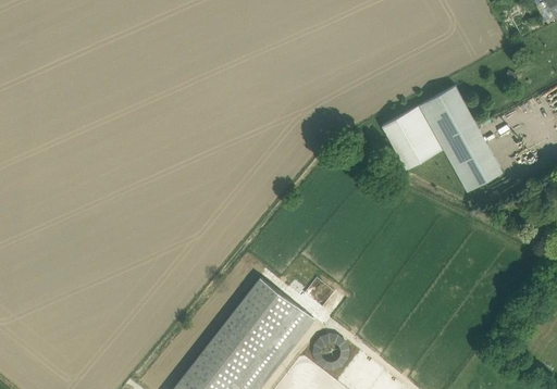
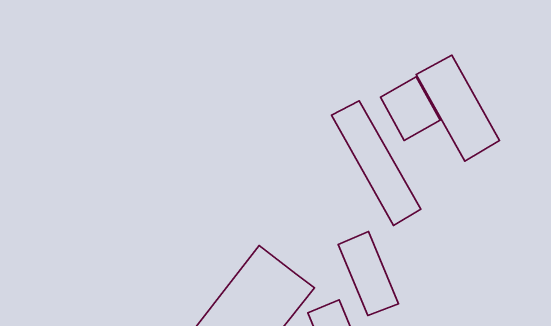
building: none -> [331,101,421,225]
building: none -> [338,231,398,316]

